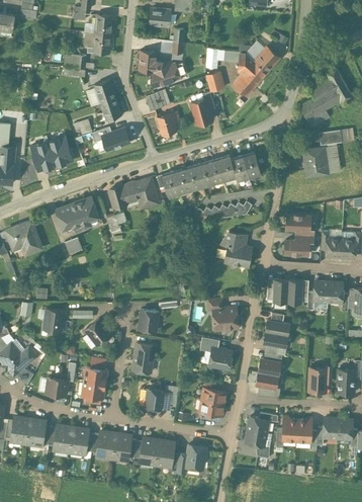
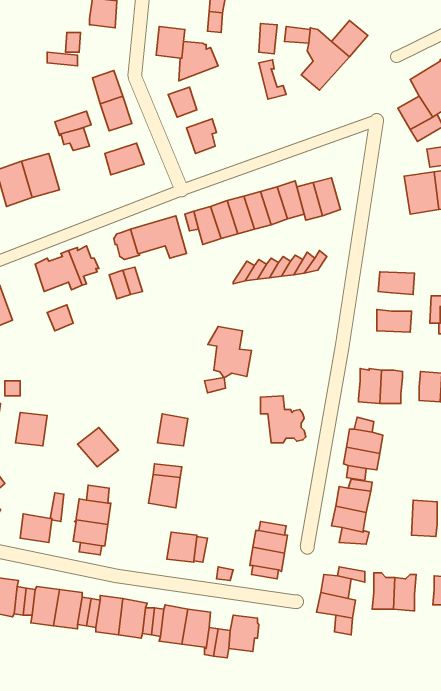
building: [190,98,212,124] -> none
building: [221,232,251,266] -> [208,326,252,378]
building: [200,337,232,369] -> none

